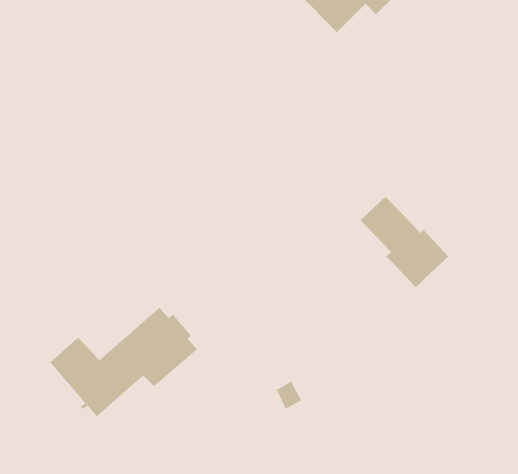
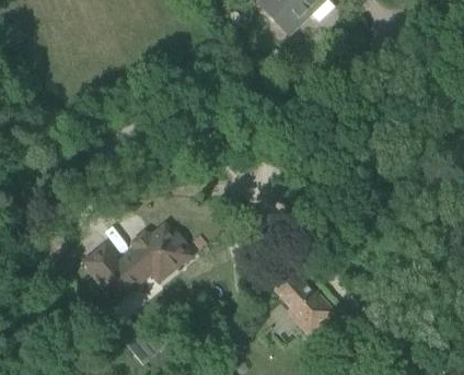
building: [360,196,449,288] -> [268,266,333,332]

